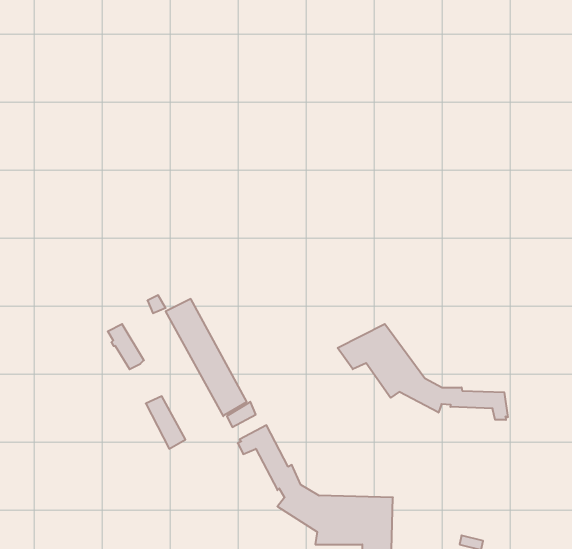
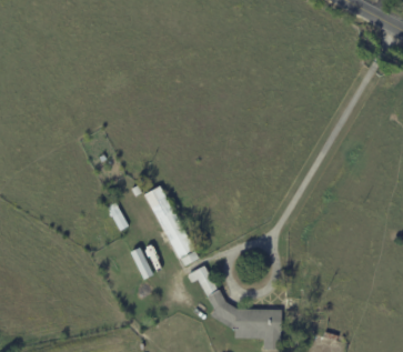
building: [338,324,508,420] -> none

